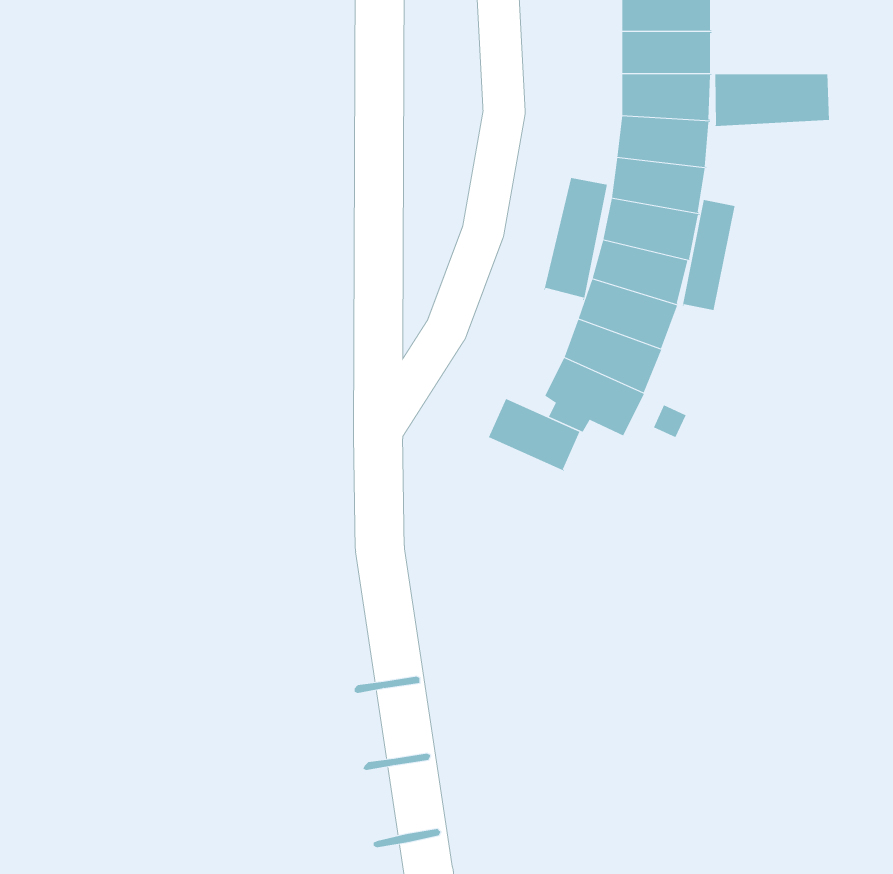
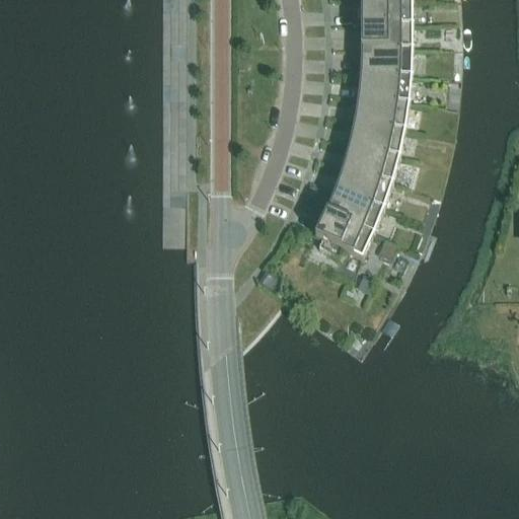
building: [713,74,829,127] -> none
building: [544,177,607,301] -> none
building: [682,199,735,311] -> none
building: [488,398,580,471] -> none

